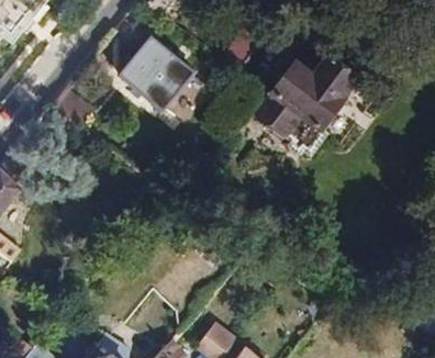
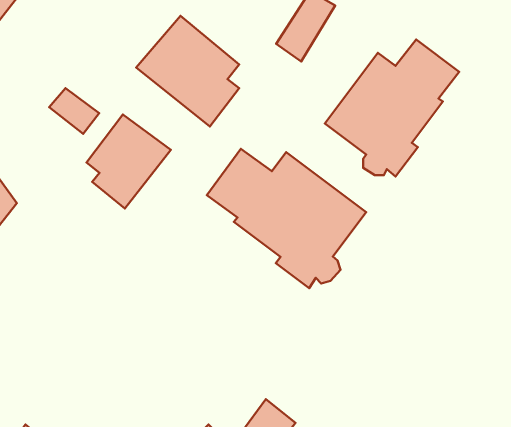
building: none -> [87,115,171,208]
building: none -> [207,149,366,288]

